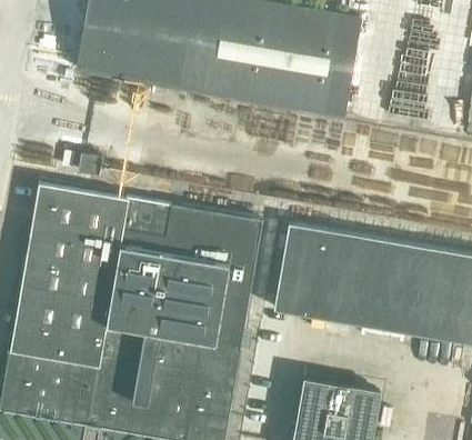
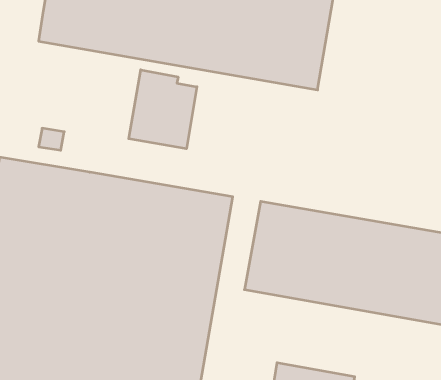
building: none -> [129,70,197,149]

